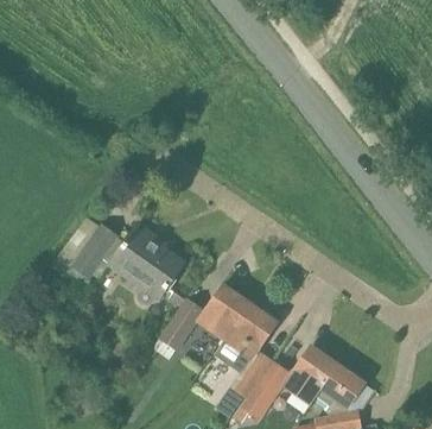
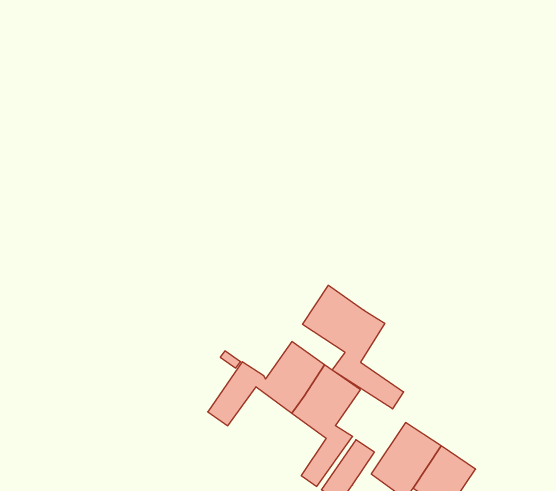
building: [69,225,183,299] -> none
building: none -> [303,285,404,409]

